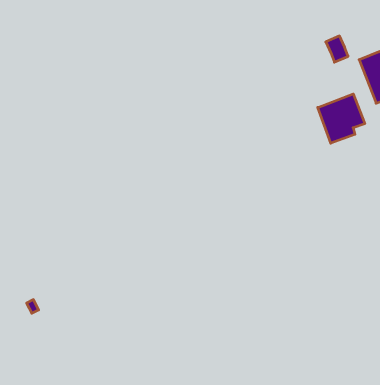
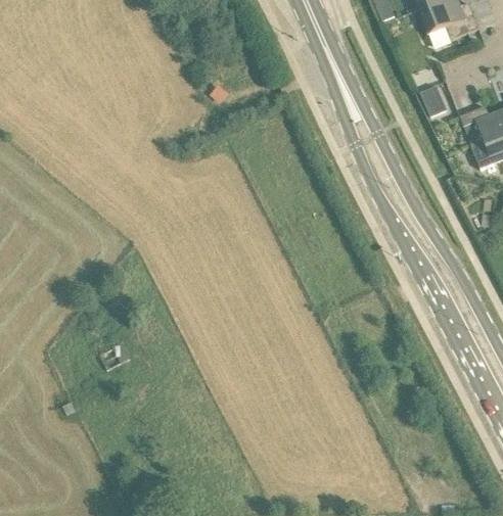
building: [318,94,365,143] -> none

